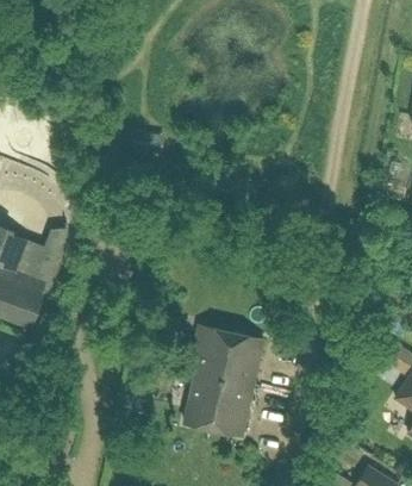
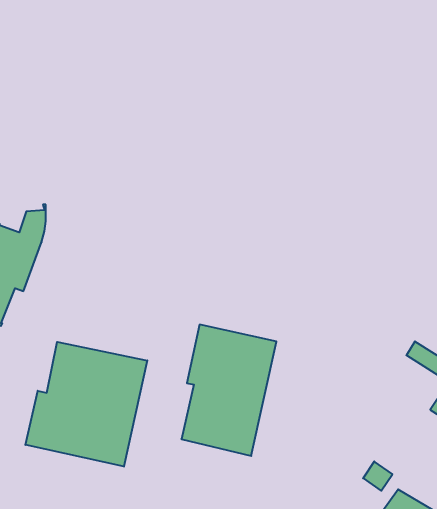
building: none -> [25,342,147,467]

